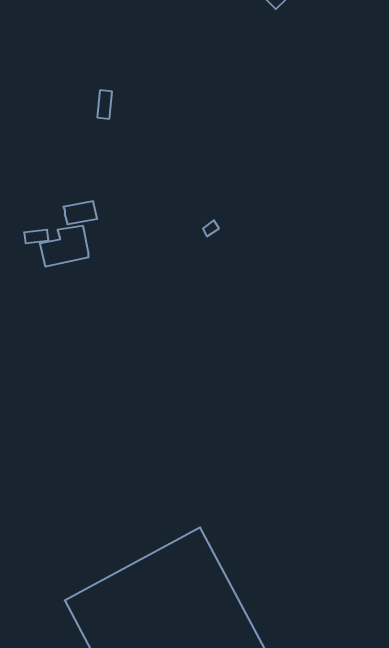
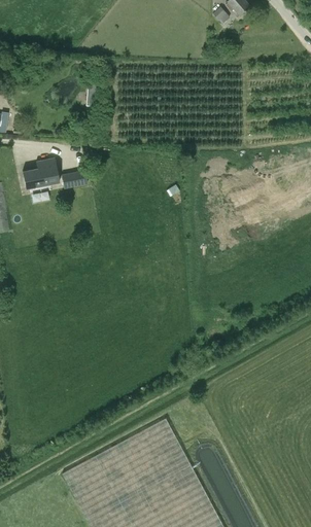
building: [40,226,89,266] -> [22,157,59,188]

